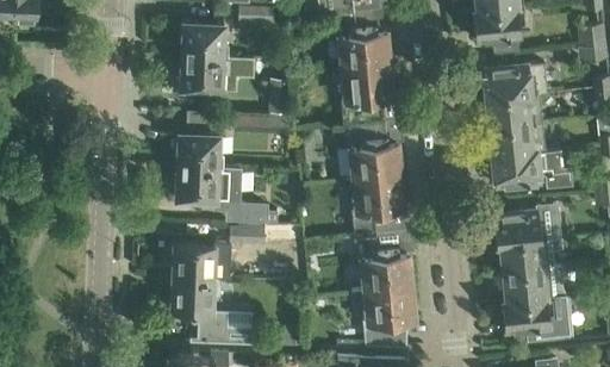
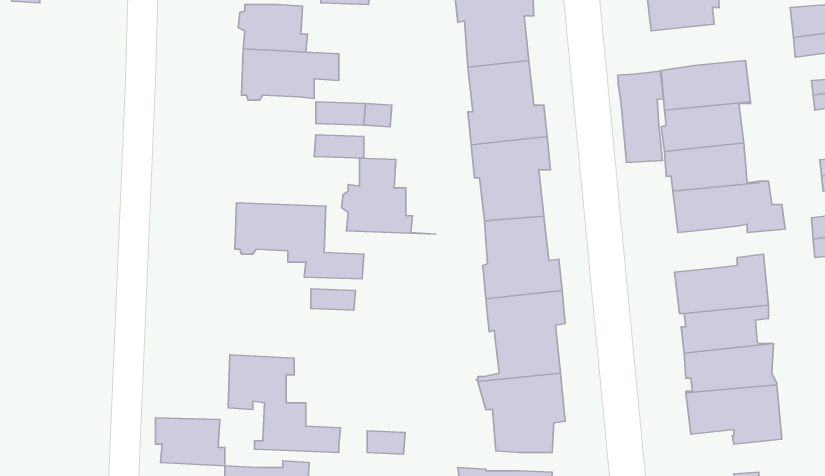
building: none -> [618,71,664,163]
building: [173,113,241,168] -> [341,158,436,234]
building: [168,243,218,278] -> [155,418,225,466]

